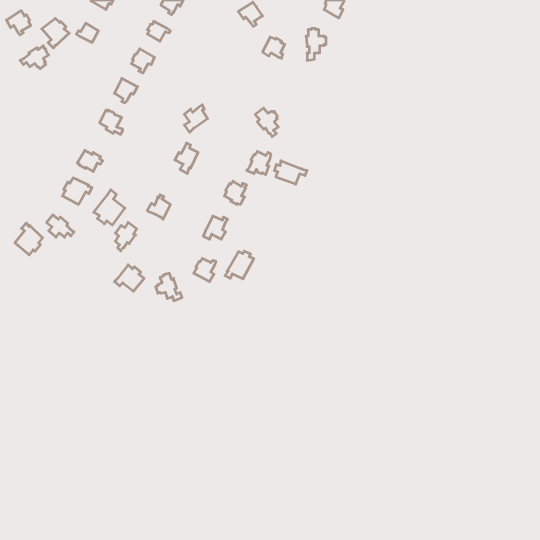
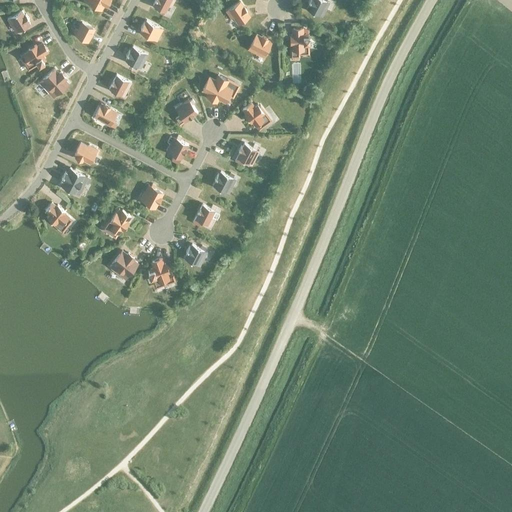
building: [42,18,69,48] -> [41,70,67,98]
building: none -> [201,75,234,102]
building: [274,161,307,184] -> none
building: [94,190,125,225] -> none
building: [15,223,43,255] -> none
building: [225,251,254,279] -> none

